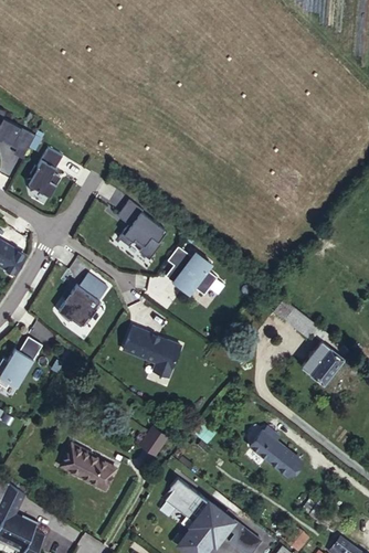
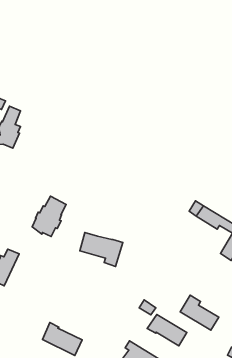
building: [117,201,164,260] -> none
building: [165,246,215,295] -> none
building: [138,424,168,454] -> none
building: none -> [147,314,187,346]

